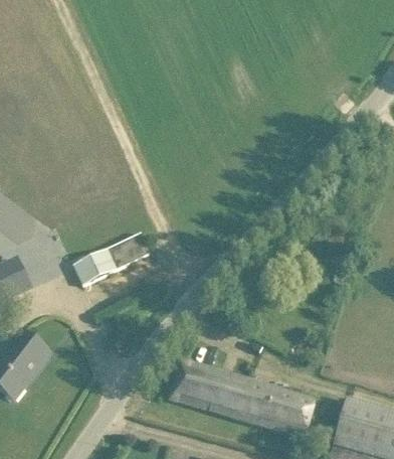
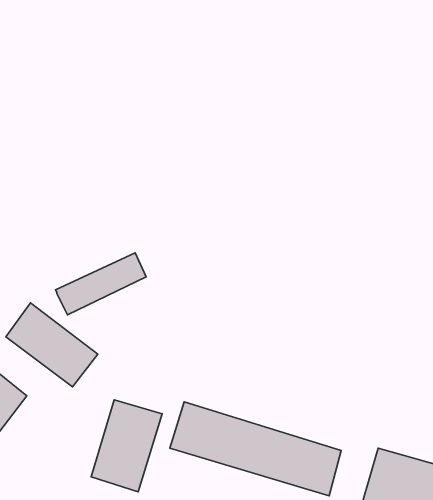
building: none -> [6,303,98,387]
building: none -> [91,400,162,492]

